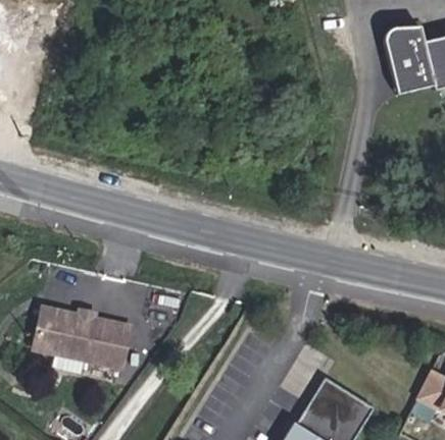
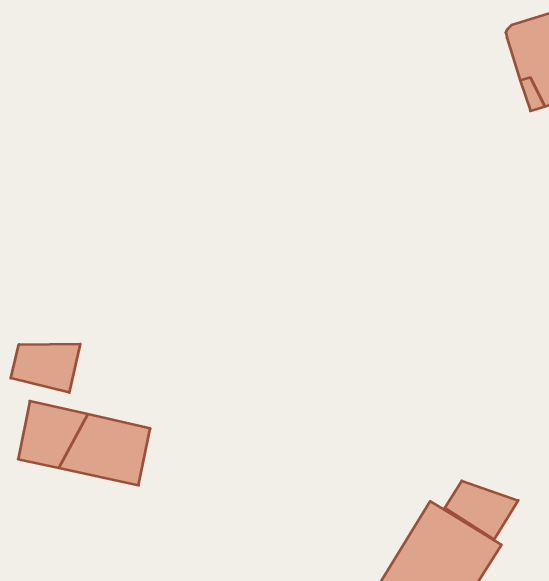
building: none -> [11,344,80,393]
building: none -> [445,481,518,539]

